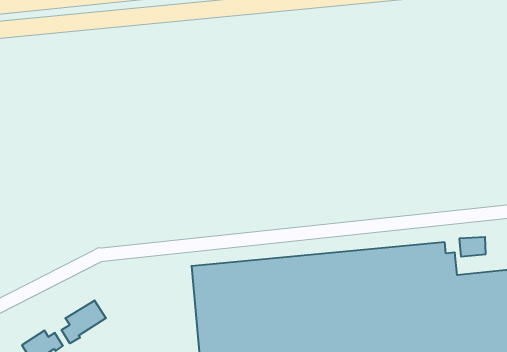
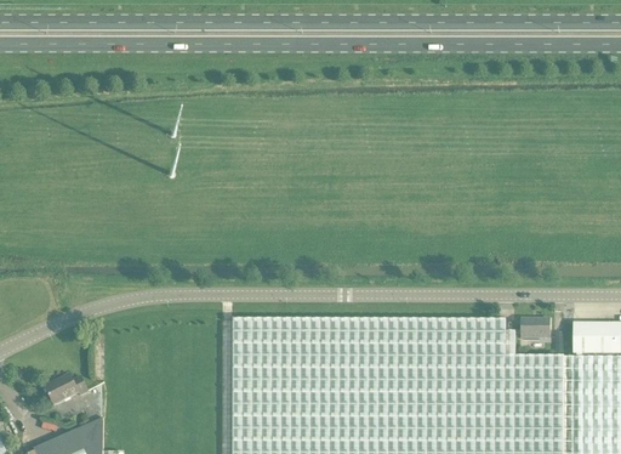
building: [62,300,106,343] -> none

